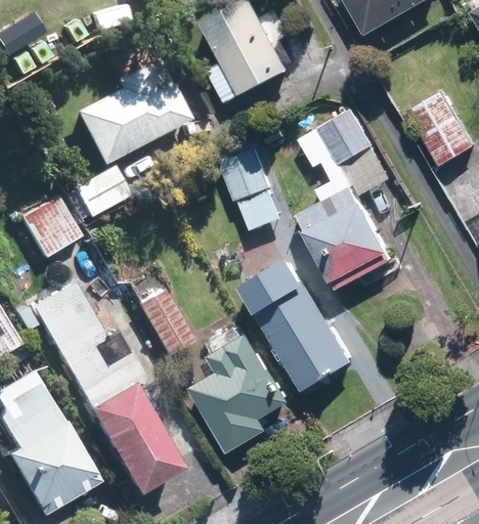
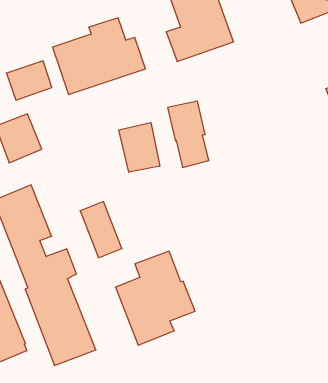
building: [301,107,393,282] -> none
building: [71,164,128,216] -> [6,61,52,100]
building: none -> [119,123,160,172]
building: [236,260,347,392] -> none

